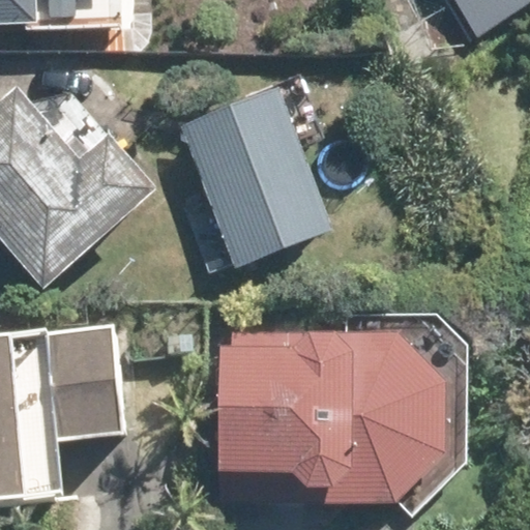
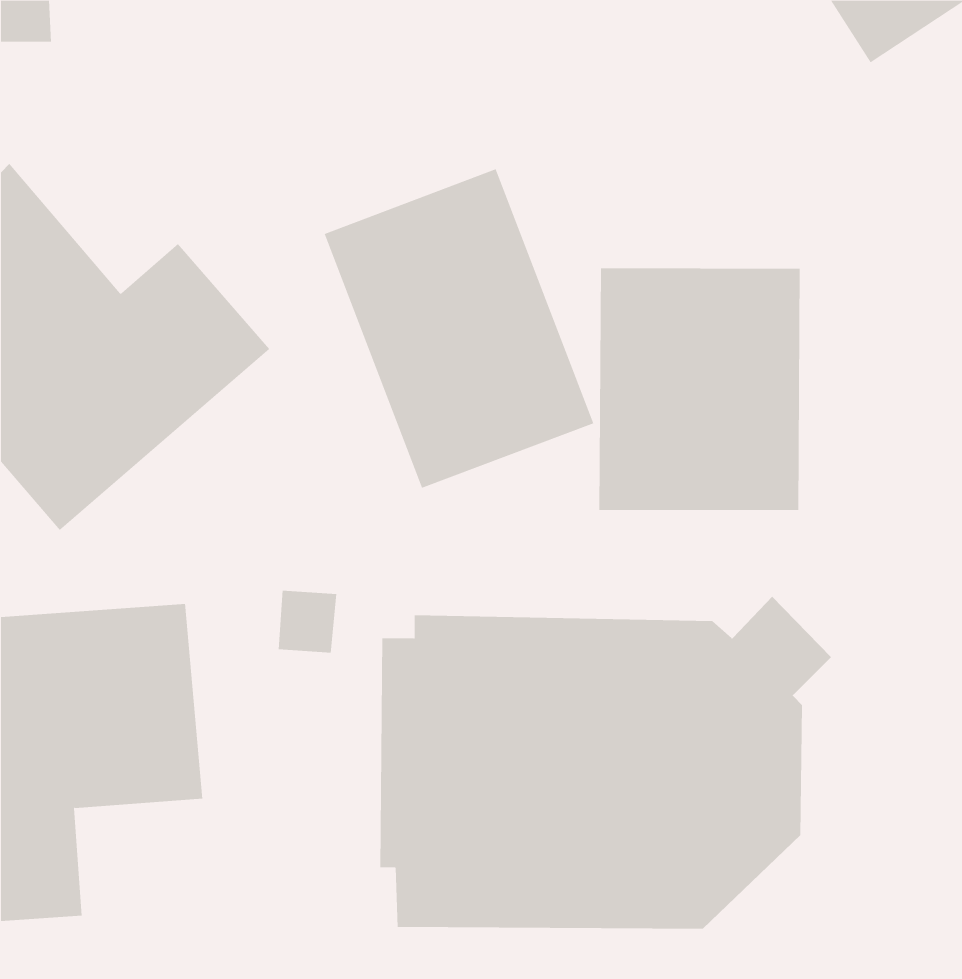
building: none -> [599,268,800,511]

